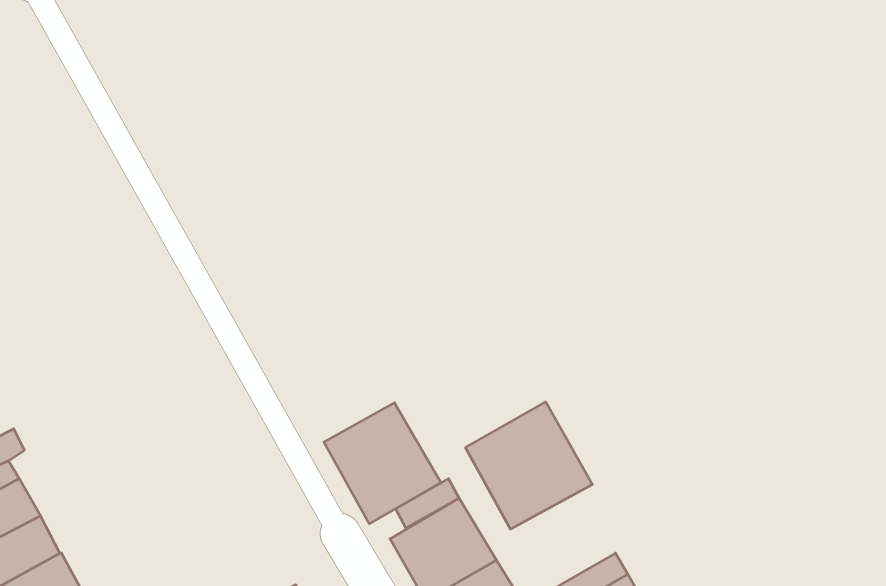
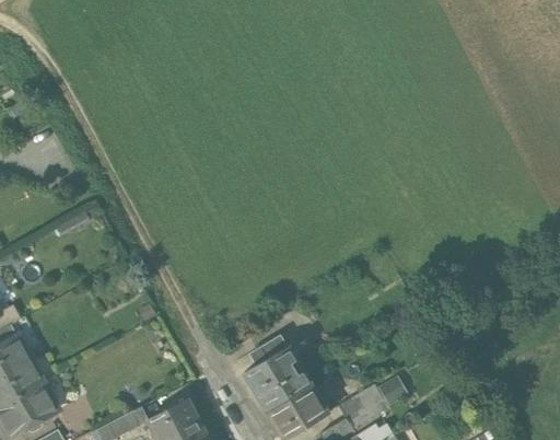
building: [466,402,592,529] -> none
building: [324,403,441,524] -> none

